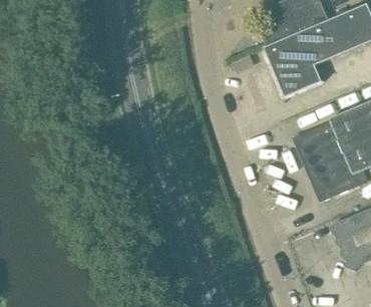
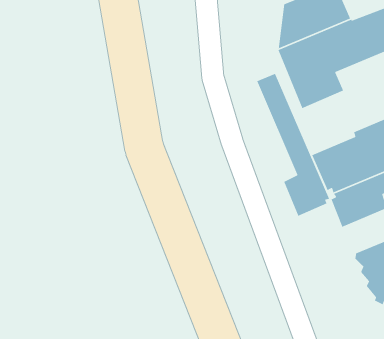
building: none -> [256,73,330,217]

